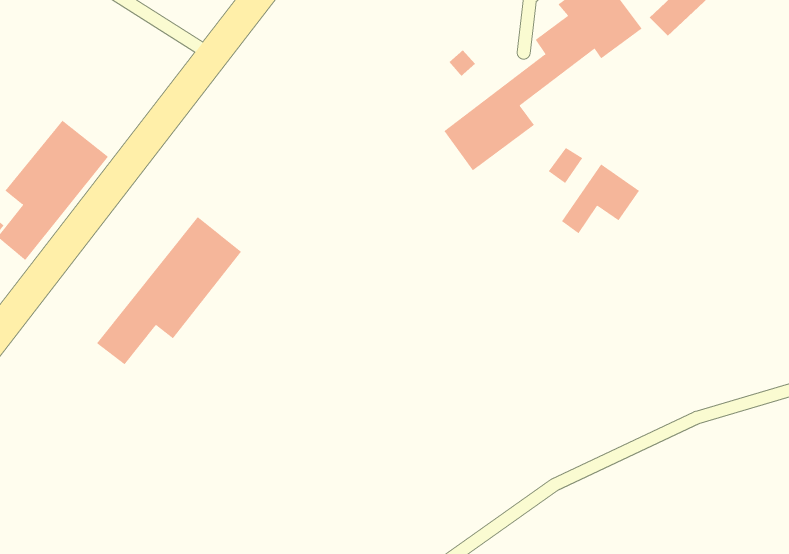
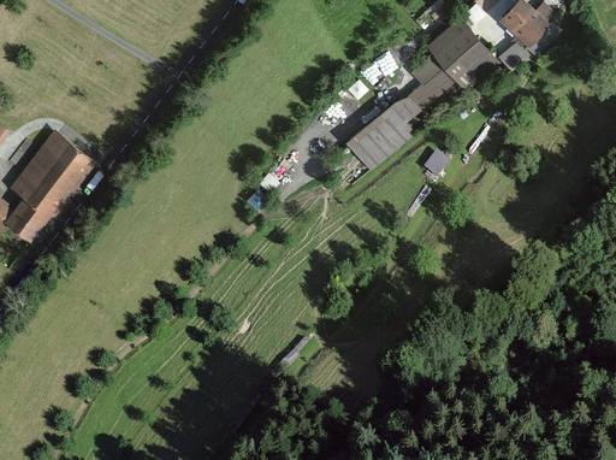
building: [561,163,640,234] -> none
building: [96,216,242,365] -> none

